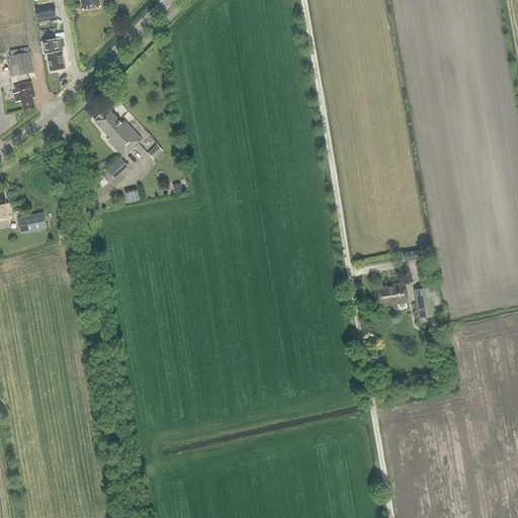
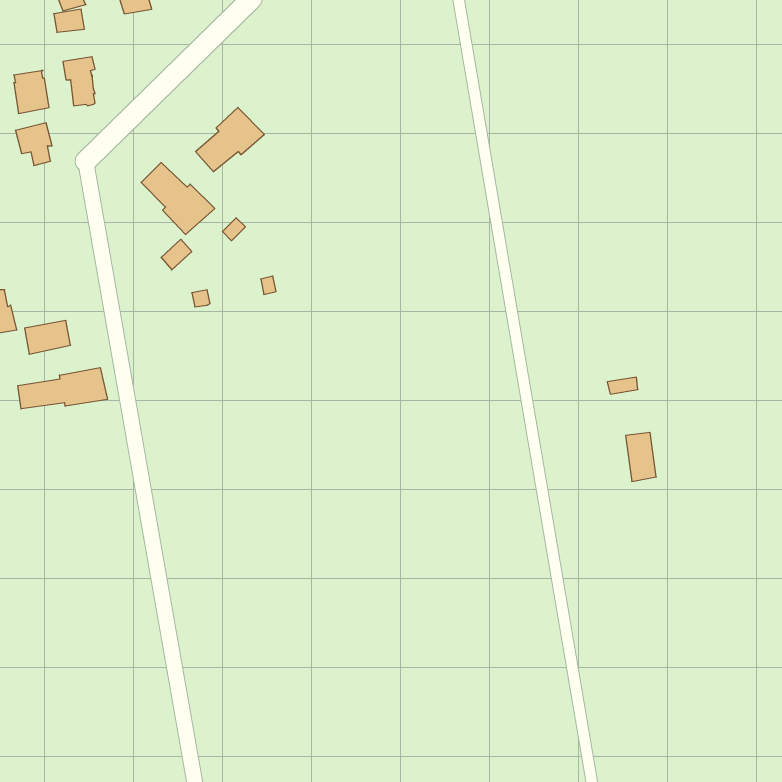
building: none -> [196,107,264,172]
building: none -> [18,368,107,409]
building: [376,283,405,305] -> none

